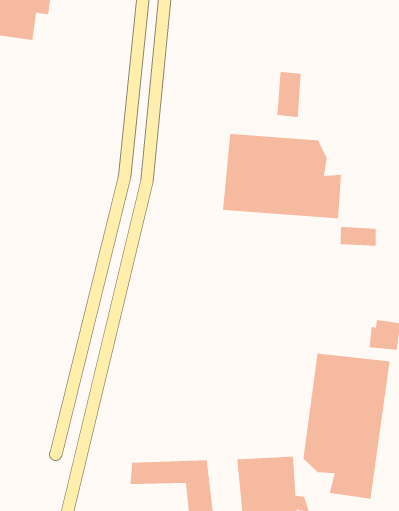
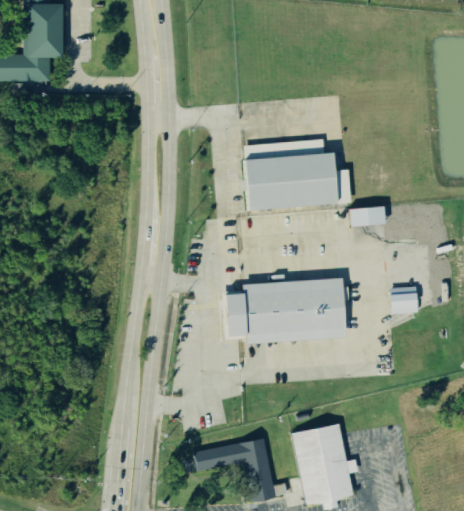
building: [277,71,301,118] -> none
building: none -> [218,276,345,344]
building: [303,353,390,500] -> none

